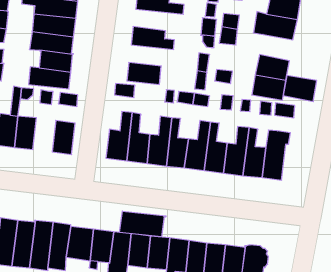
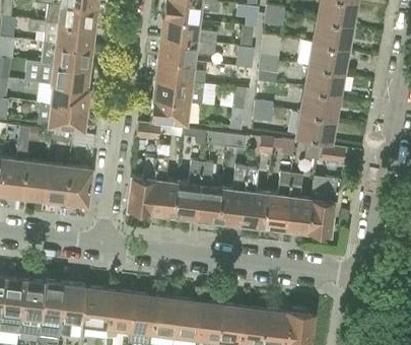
building: none -> [158,37,216,62]
building: none -> [153,78,205,105]
building: [283,75,317,102] -> [304,66,343,96]
building: none -> [43,162,69,202]
building: [120,211,166,237] -> none

